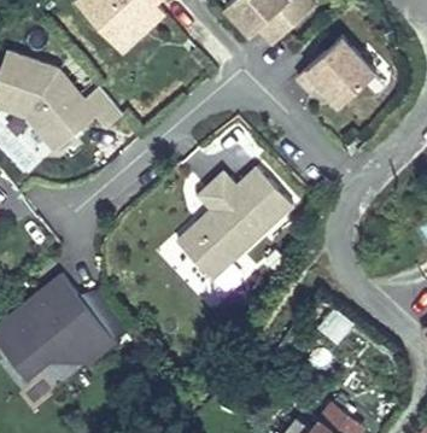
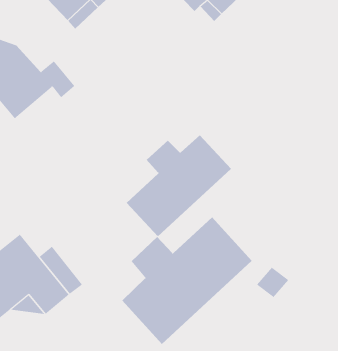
building: [297,35,375,105] -> none
building: none -> [122,217,253,345]

